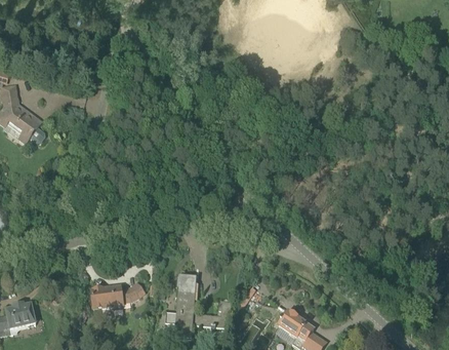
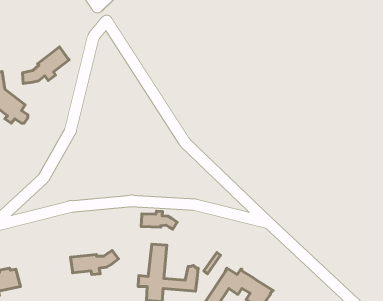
building: none -> [22,47,69,83]
building: none -> [141,211,177,229]

